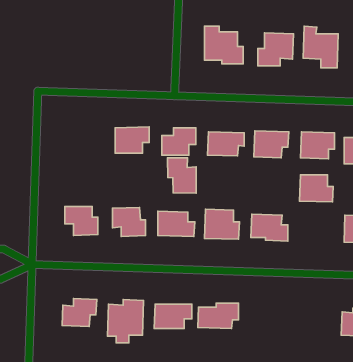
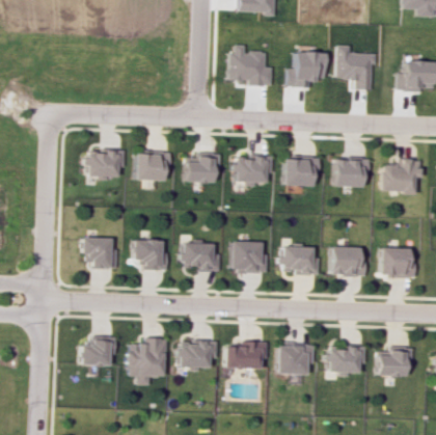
building: none -> [85,152,126,176]
building: [168,158,196,193] -> none
building: [299,175,333,202] -> [331,247,367,276]
building: none -> [277,345,315,375]
building: none -> [327,347,367,375]

